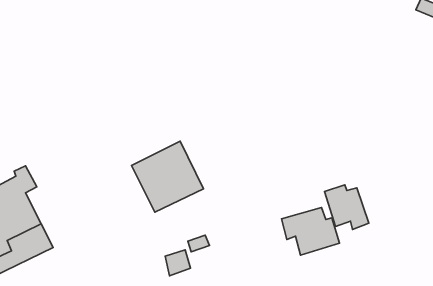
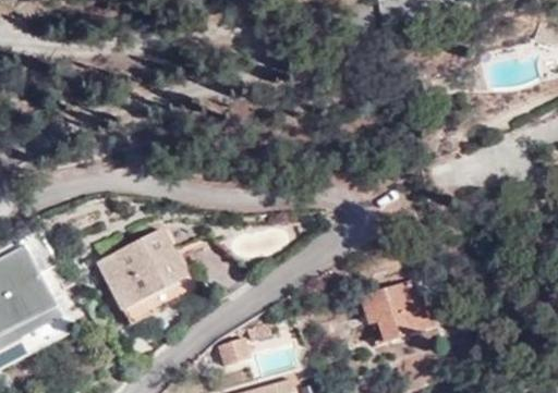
building: [132,141,204,212] -> [98,233,189,322]
building: [325,185,369,230] -> none

